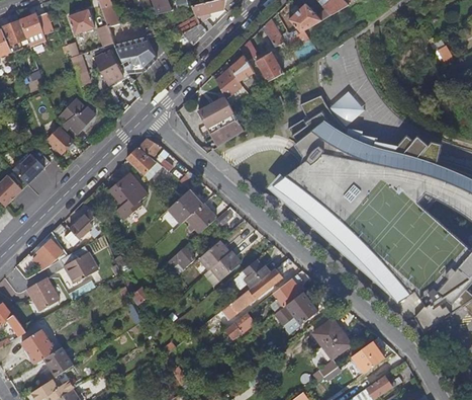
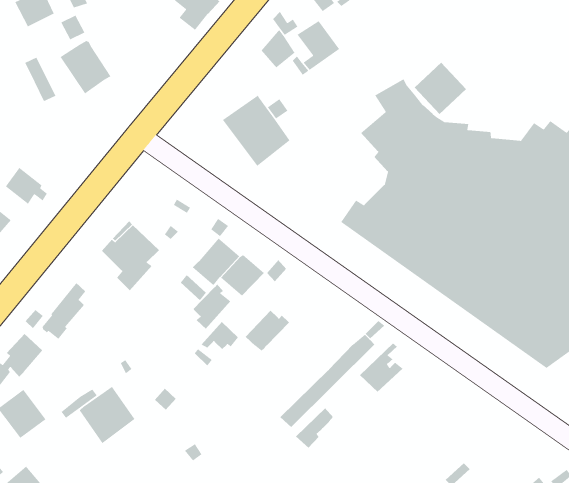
building: [114,37,157,82] -> none
building: [215,68,241,99] -> none
building: [59,99,94,133] -> none
building: [124,139,161,178] -> none
building: [60,245,97,284] -> [79,386,135,444]
building: [211,251,239,282] -> [192,283,231,329]
building: [240,261,269,288] -> none
building: [274,292,317,324] -> none
building: [312,318,352,358] -> none
building: [352,337,386,373] -> none

